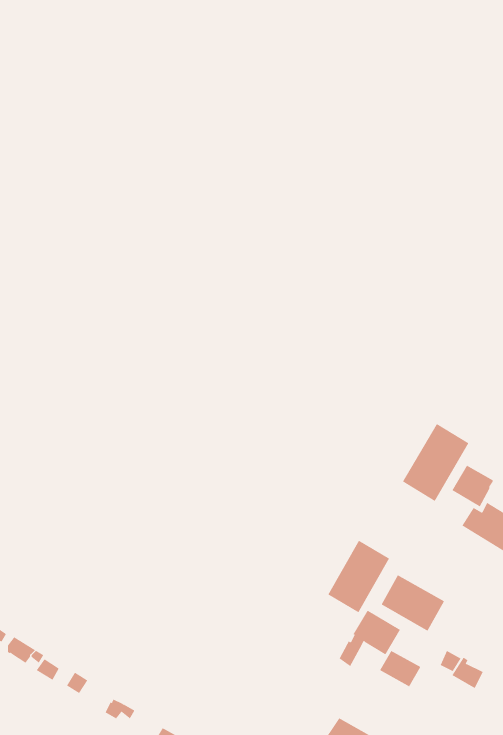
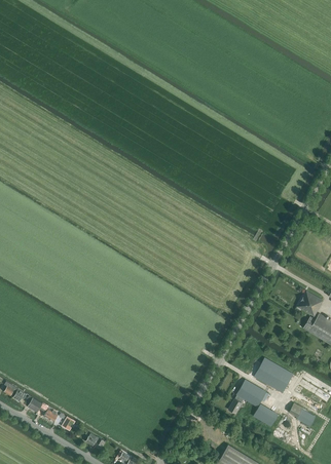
building: [402,423,469,502] -> none
building: [327,540,390,613] -> none

